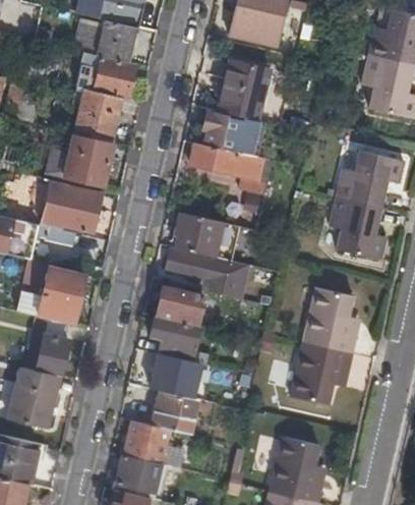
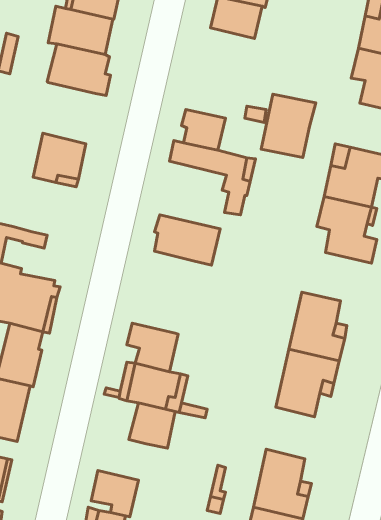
building: [218,60,270,120] -> [261,94,316,158]
building: [72,88,120,142] -> none
building: [42,183,101,231] -> none
building: [166,250,247,295] -> none
building: [155,286,201,325] -> none
building: [122,420,182,468] -> none

